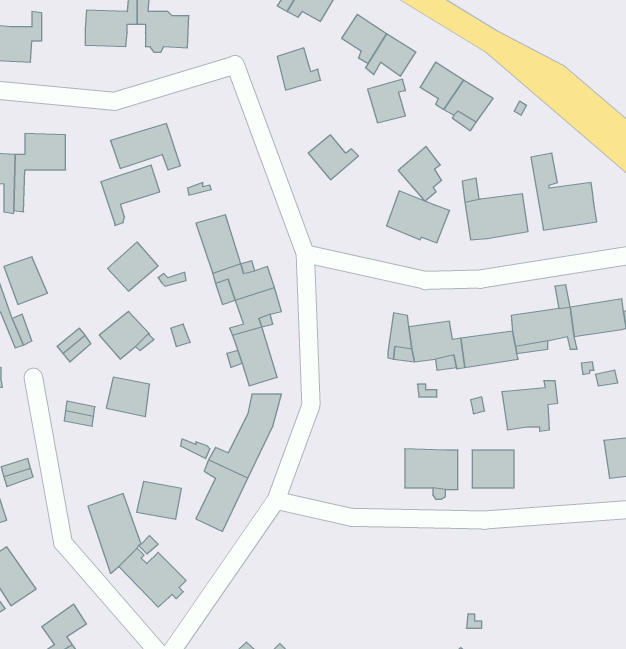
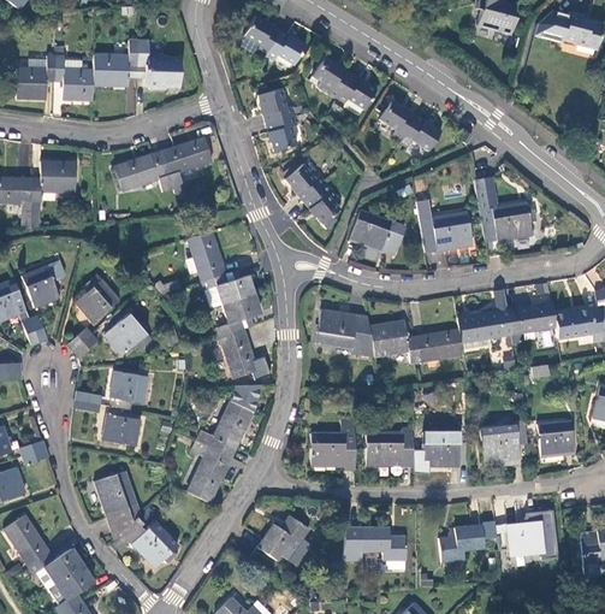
building: none -> [55,57,93,100]
building: [368,79,405,123] -> [265,114,297,152]
building: [398,147,442,201] -> [303,179,340,226]
building: [101,165,160,225] -> [162,137,213,189]
building: [108,242,158,291] -> [76,279,119,321]
building: none -> [318,309,357,348]
building: [502,381,558,431] -> [480,419,528,462]
building: none -> [312,419,356,470]
building: [137,481,181,519] -> [102,413,141,445]
building: none -> [257,514,312,565]
building: none -> [509,520,548,553]
building: none -> [440,525,485,561]
building: none -> [343,527,407,560]
building: none -> [29,547,83,584]

